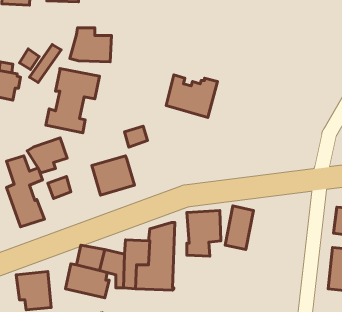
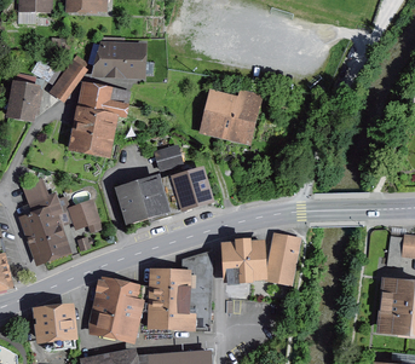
building: [27,138,67,173] -> none
building: none -> [157,171,209,212]

